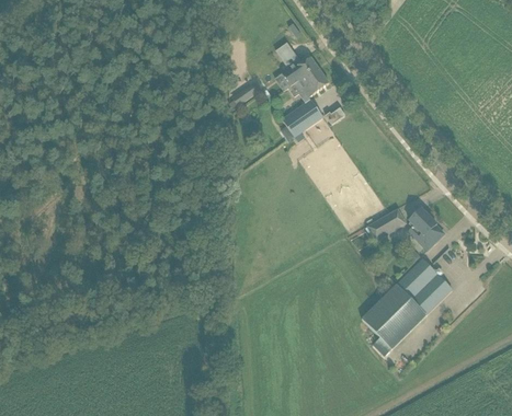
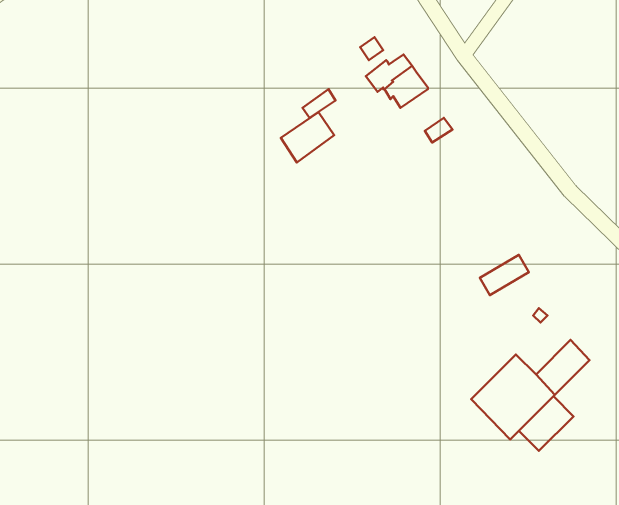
building: [281,99,321,137] -> [281,112,334,163]
building: [408,209,442,249] -> none
building: [395,258,436,300] -> [519,396,574,451]

